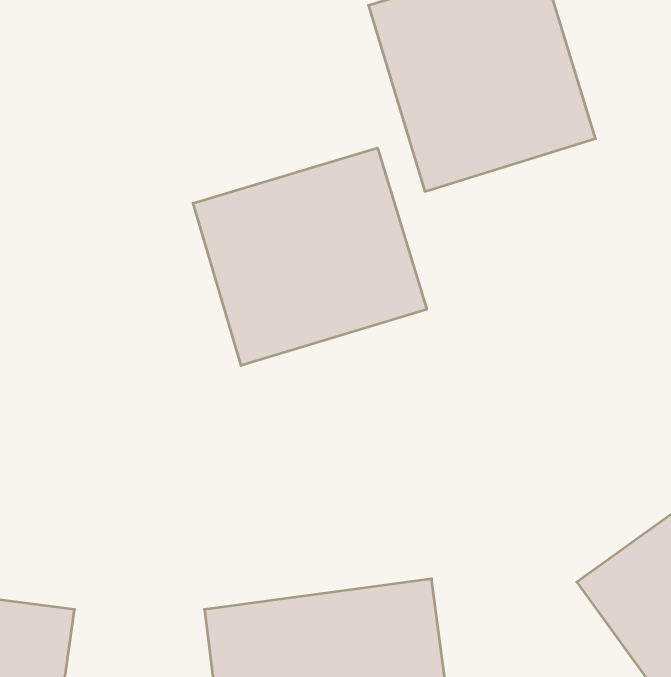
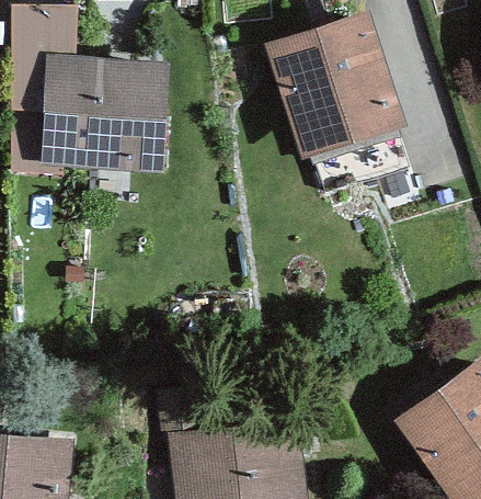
building: none -> [39,59,158,167]
building: [193,148,427,366] -> none

